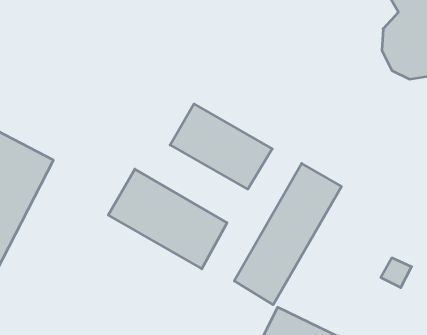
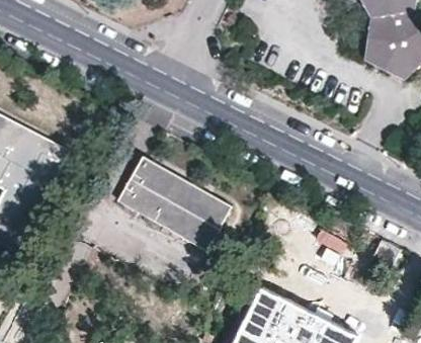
building: [170,104,272,189] -> none
building: [234,163,341,305] -> none

